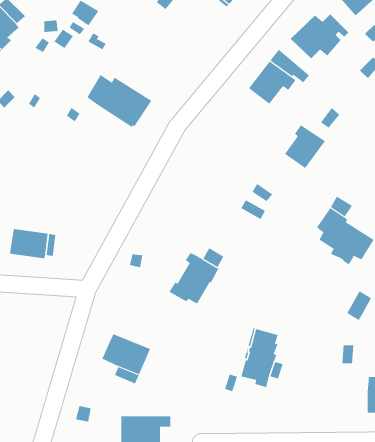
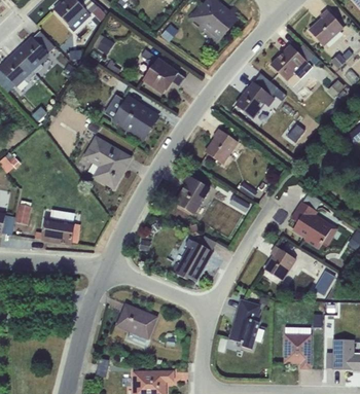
building: none -> [140,48,185,94]
building: [284,125,326,169] -> [205,129,239,165]
building: none -> [81,136,131,188]
building: none -> [174,174,210,215]
building: none -> [264,246,296,281]
building: none -> [284,326,310,368]

